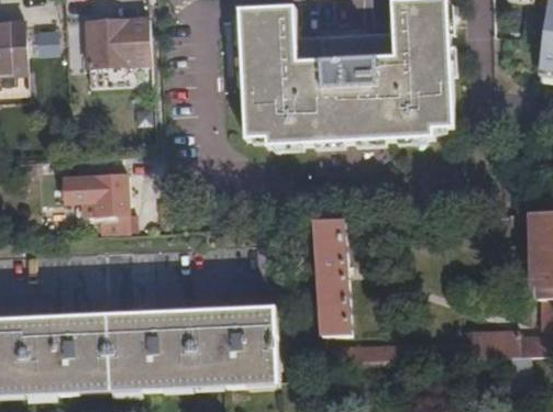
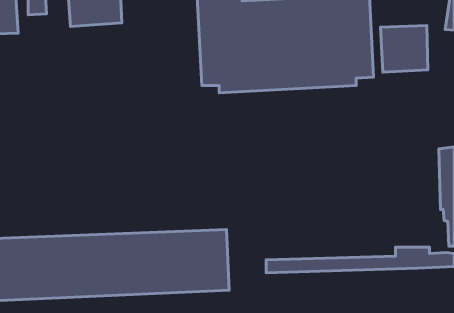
building: none -> [381,25,428,72]
building: [80,174,126,222] -> none
building: [317,222,351,335] -> none

